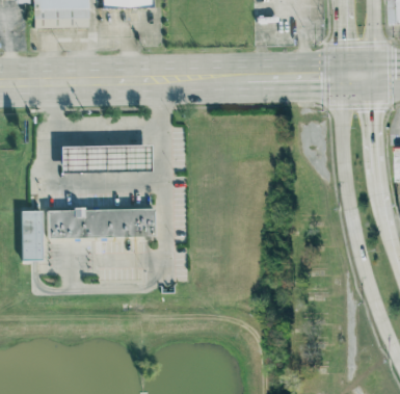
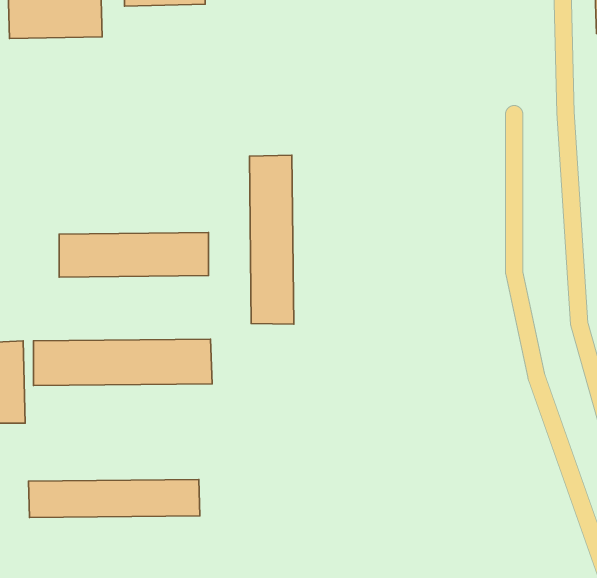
building: none -> [249,155,294,324]
building: none -> [28,480,200,517]

